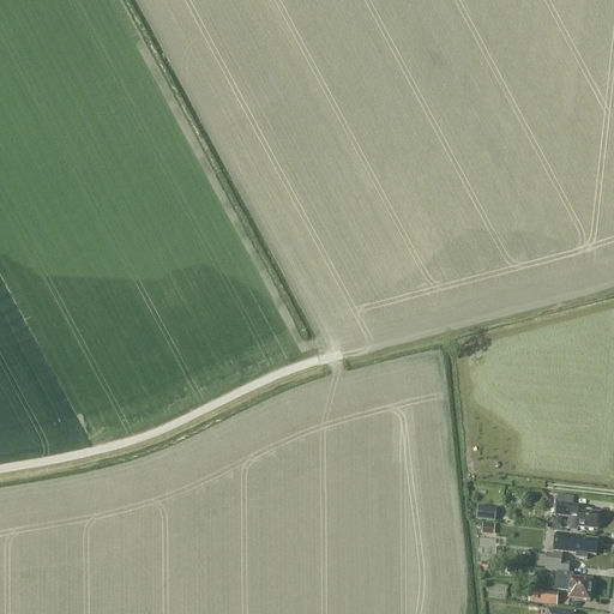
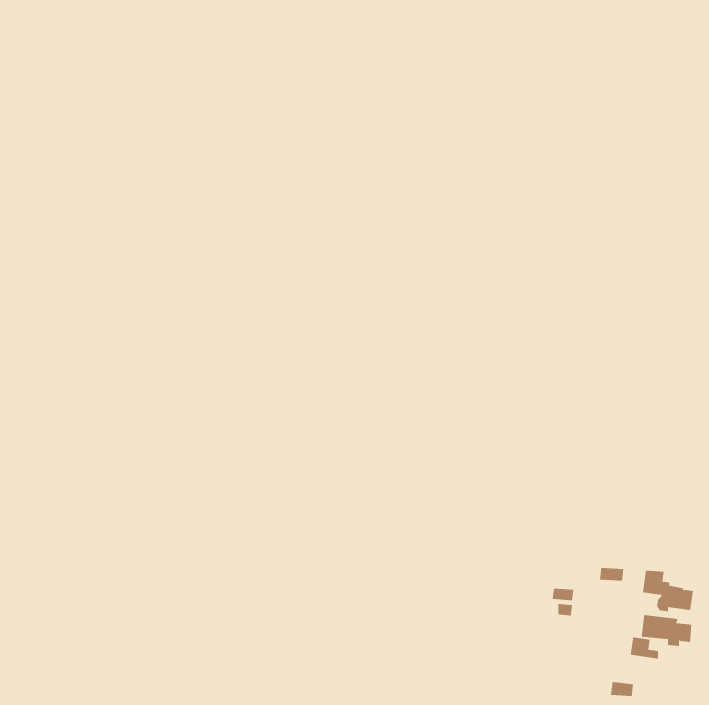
building: [554,570,590,597] -> none

